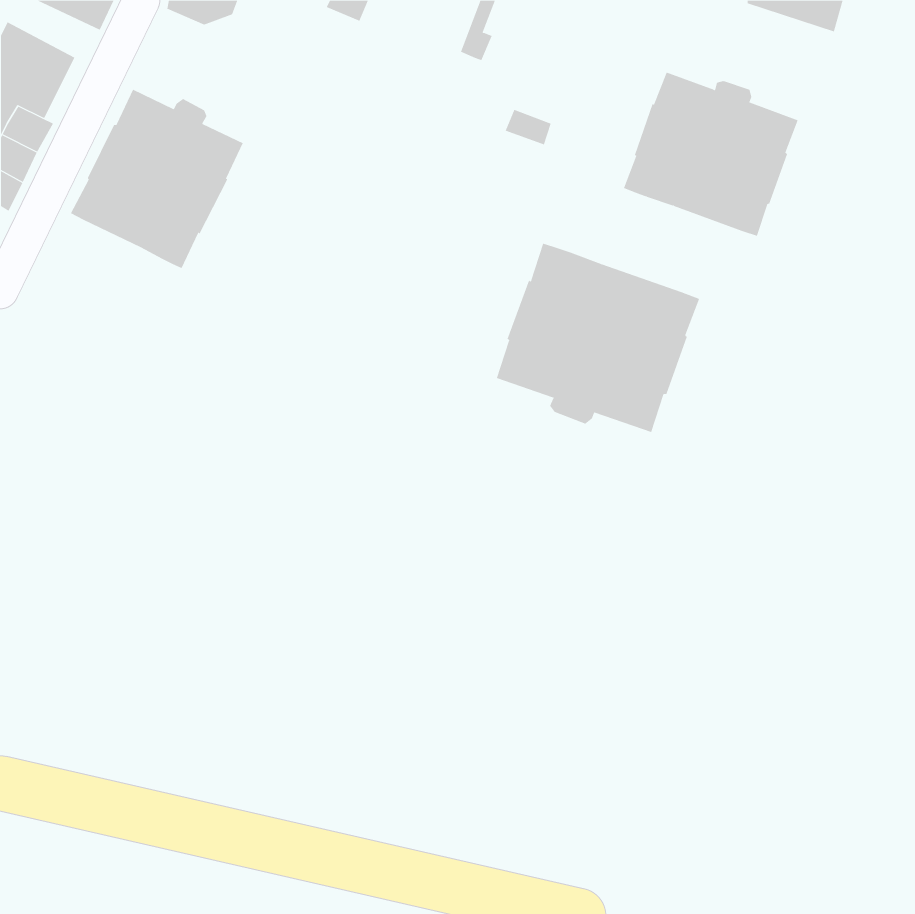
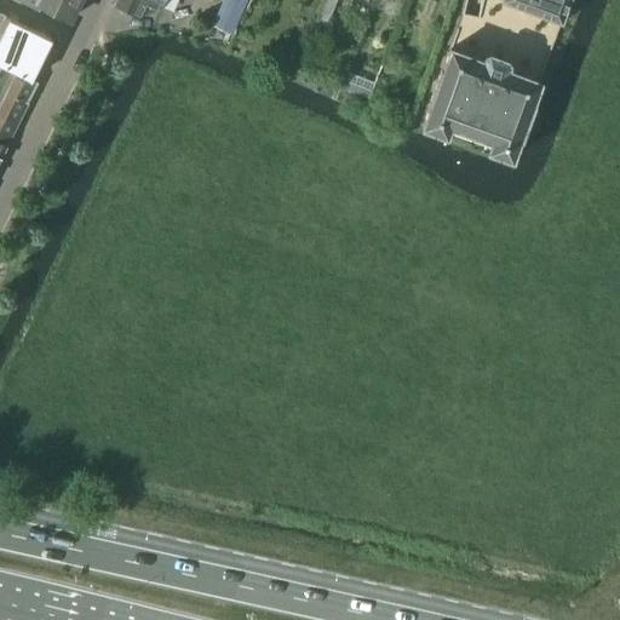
building: [70,89,243,269] -> none
building: [496,243,700,433] -> none

